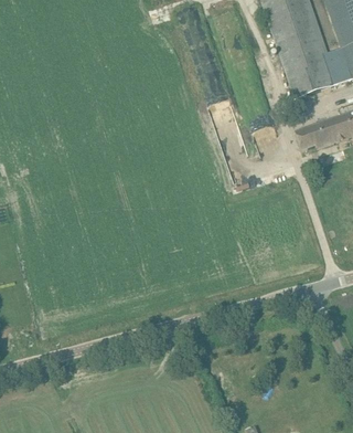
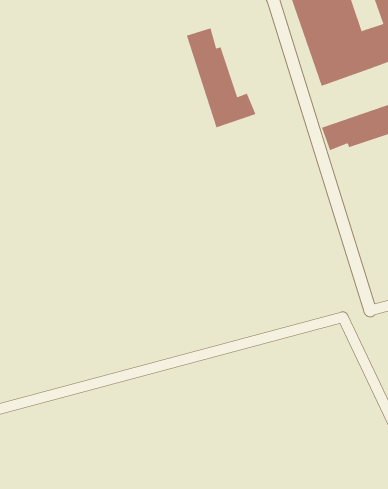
building: none -> [186,27,256,128]

